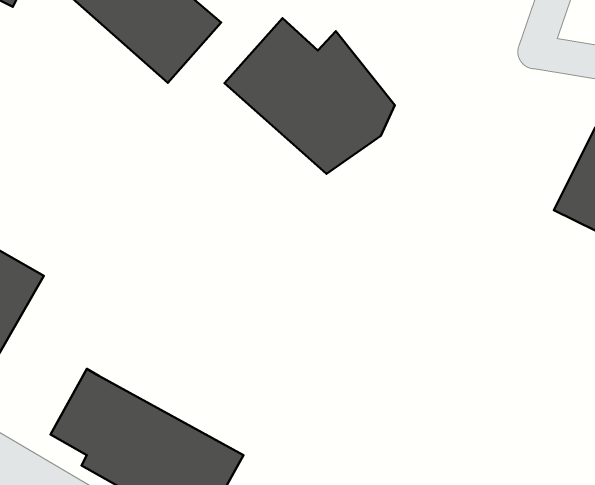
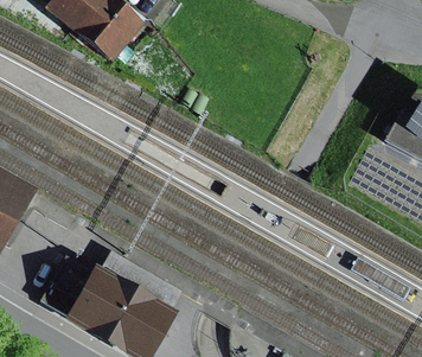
building: [225,18,395,174] -> none

